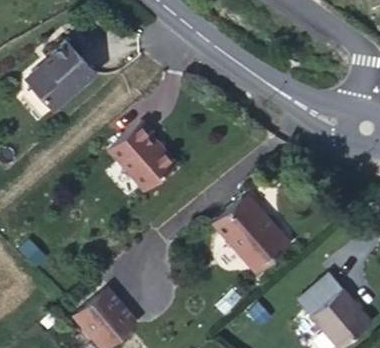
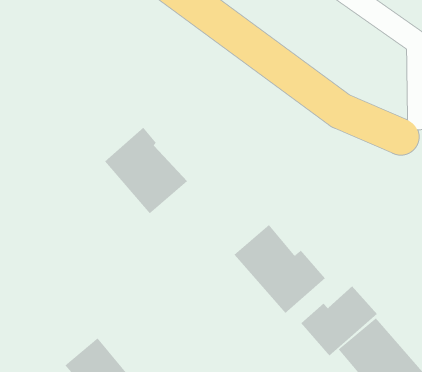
building: [28,42,95,110] -> none
building: none -> [300,285,378,356]

